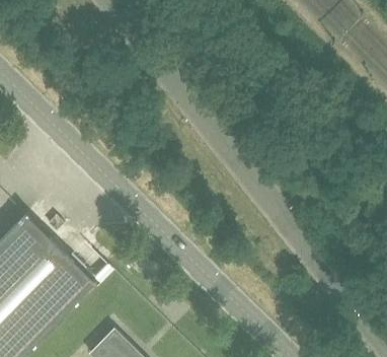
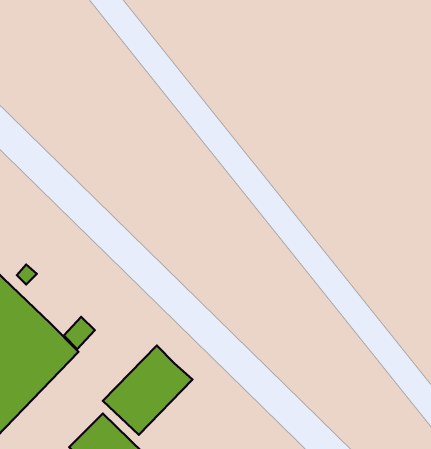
building: none -> [103,345,193,435]

